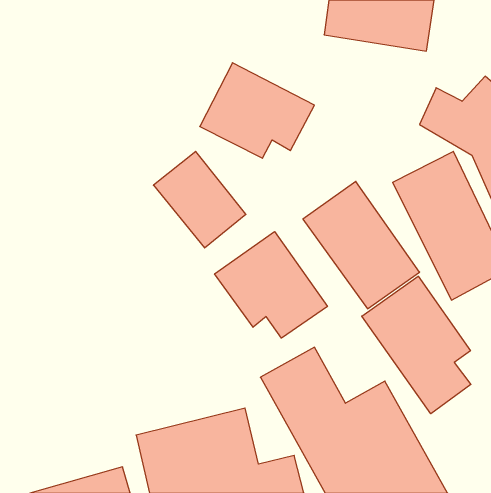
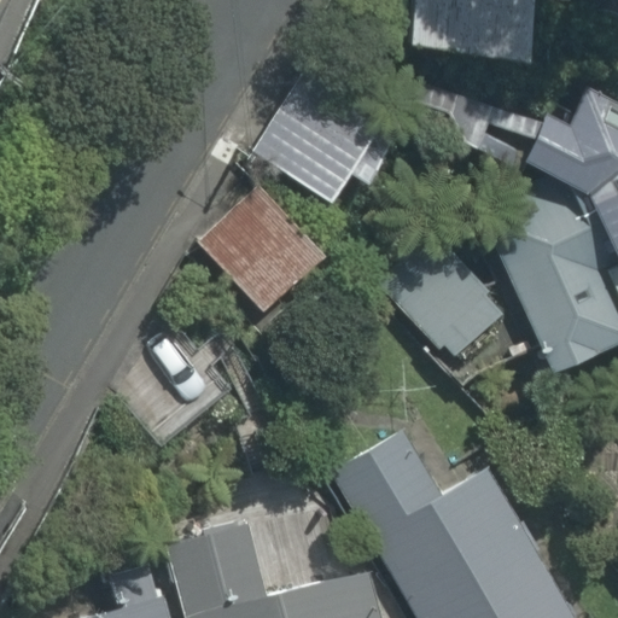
building: [215,232,327,338] -> none
building: [362,276,471,414] -> none

